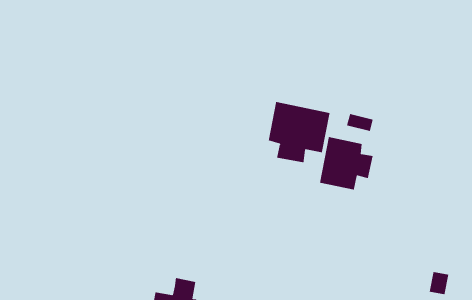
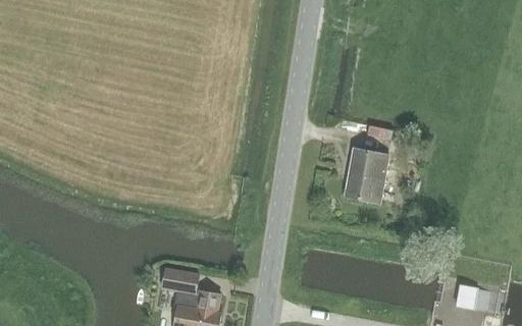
building: [268,101,330,163] -> none
building: none -> [160,266,195,292]

